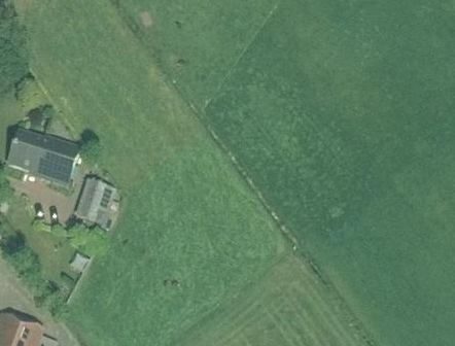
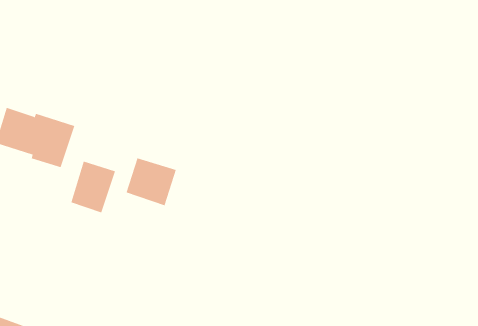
building: none -> [126,157,176,206]

